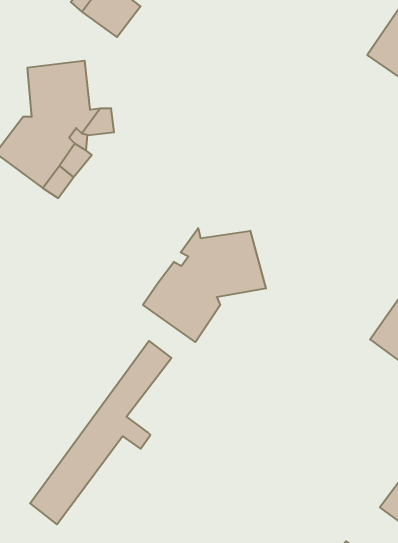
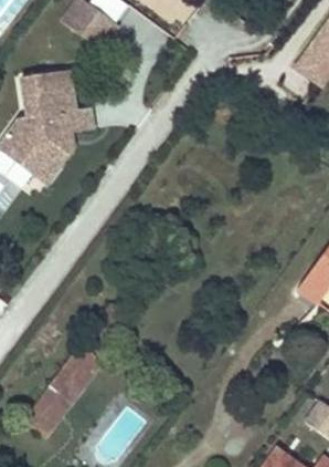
building: [143,228,266,342] -> none

